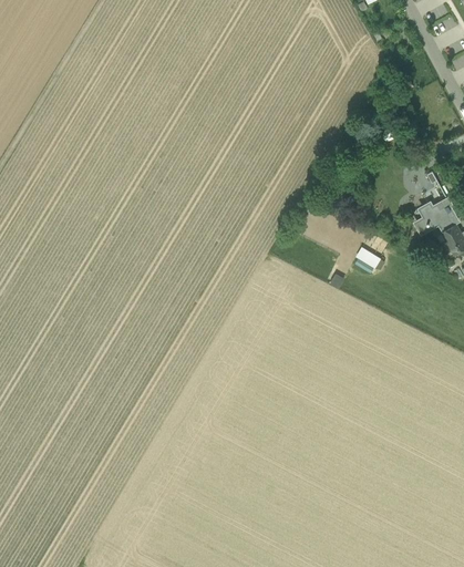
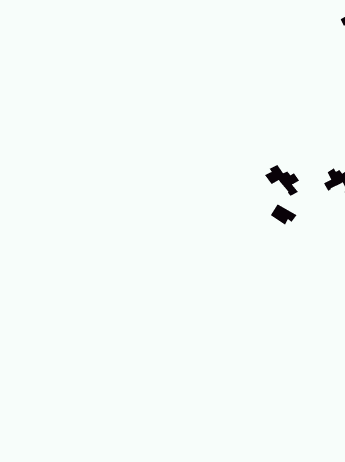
building: none -> [264,164,300,196]

